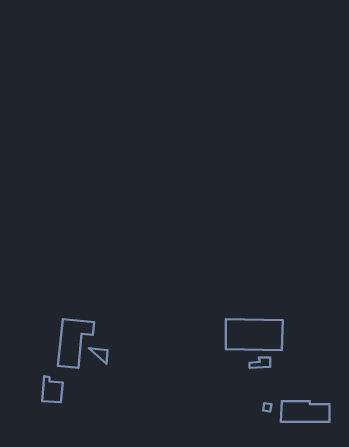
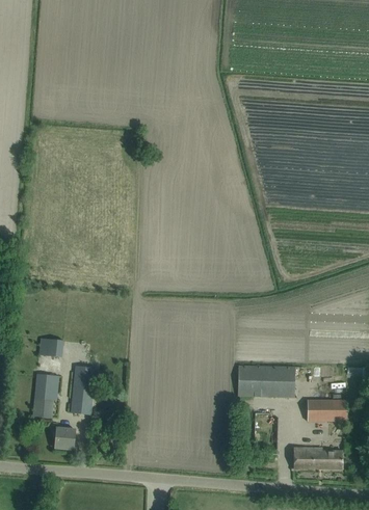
building: none -> [32,338,62,418]
building: none -> [307,400,346,421]

